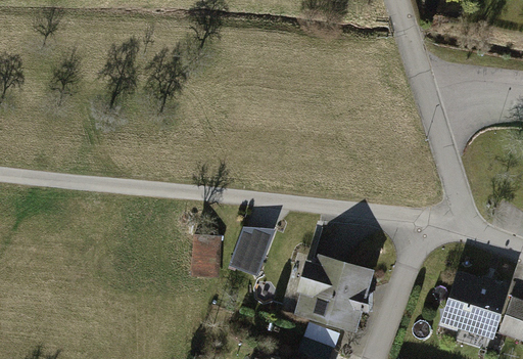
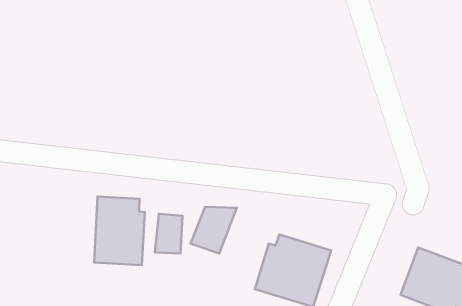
building: none -> [94,197,145,265]

